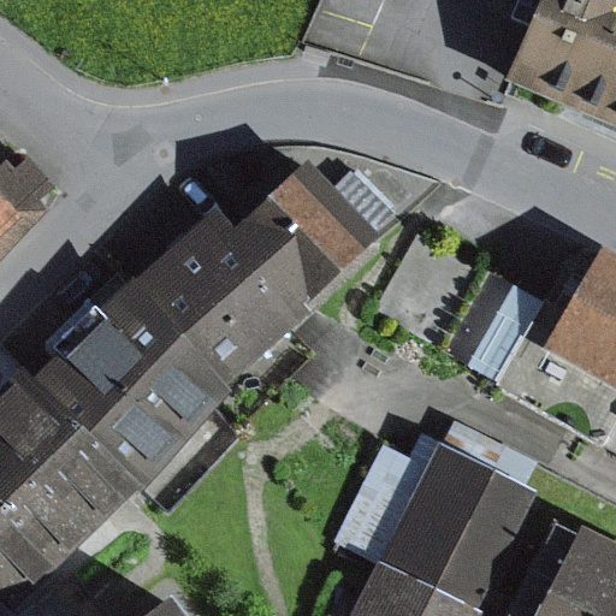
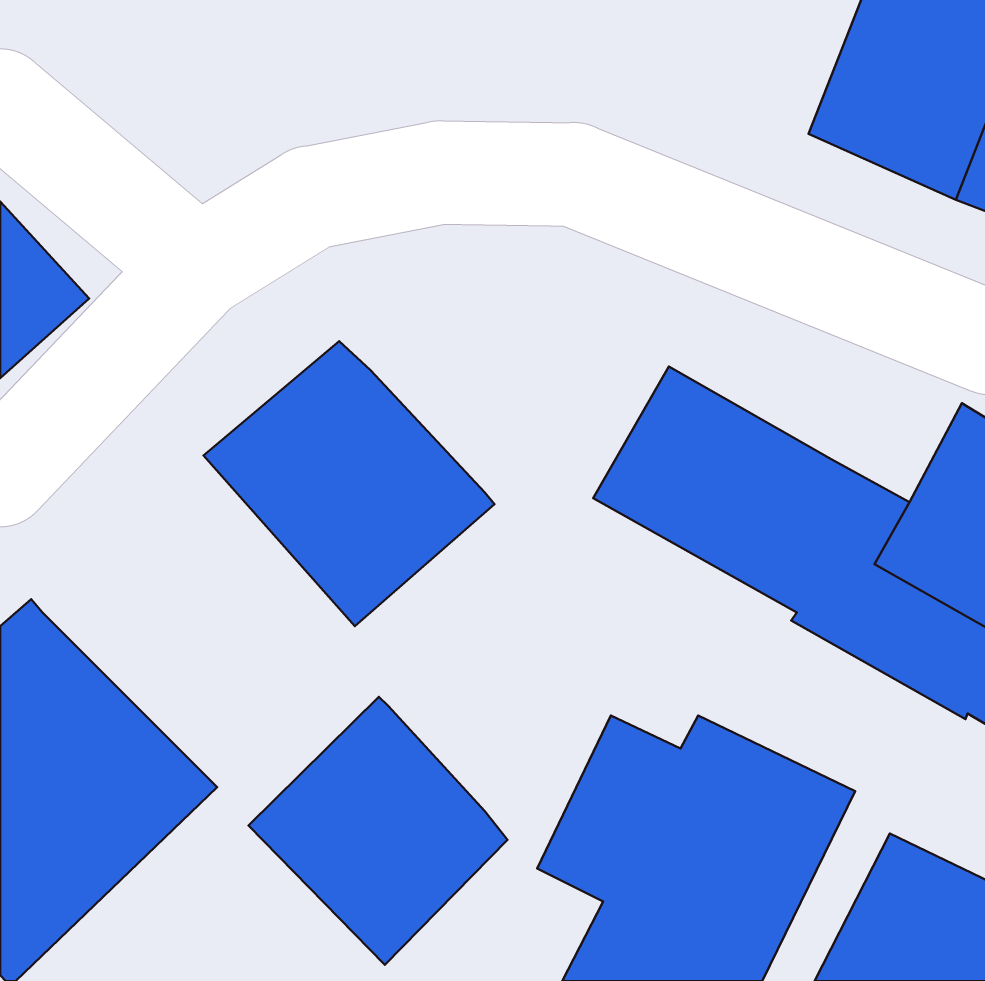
building: [233,161,396,306] -> none
building: [30,283,229,491] -> none
building: none -> [249,697,507,965]

